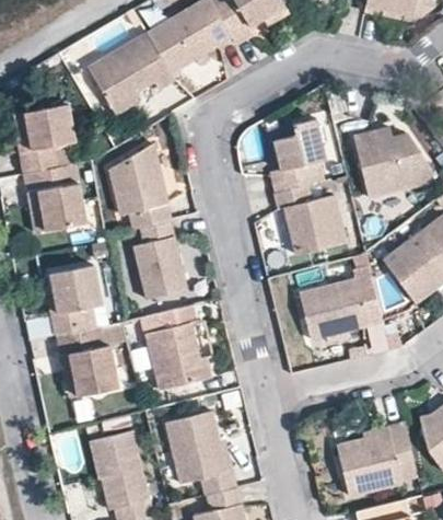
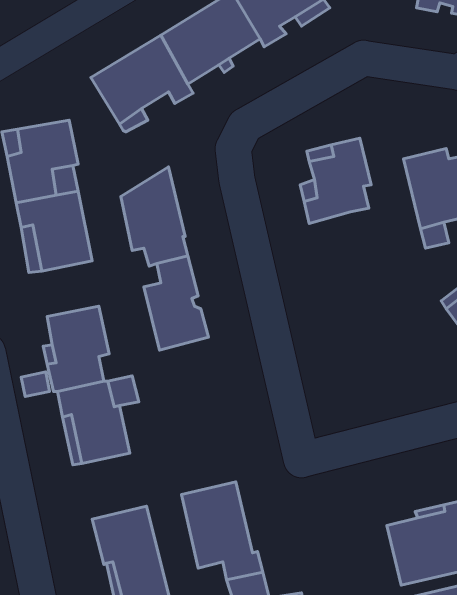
building: [272,182,346,252] -> none
building: [298,253,390,353] -> none
building: [145,303,211,391] -> none

